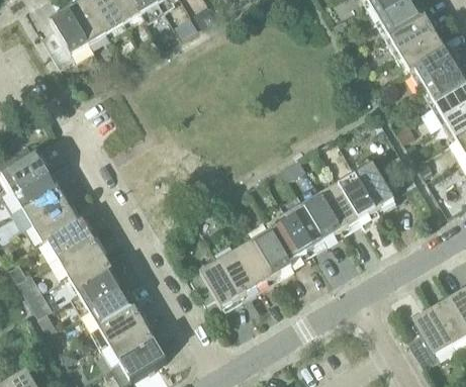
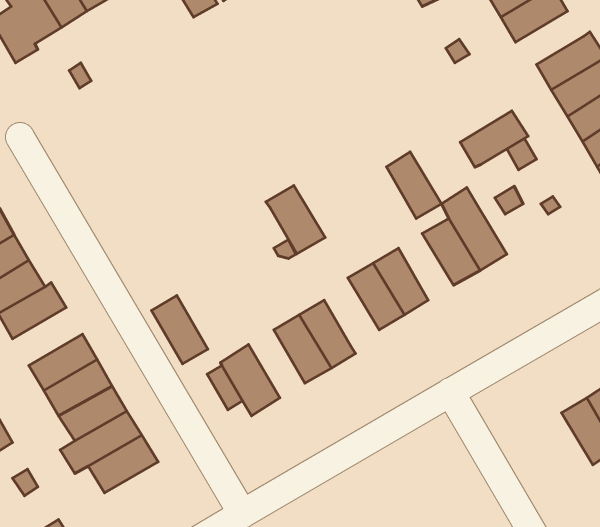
building: [400,32,447,71] -> [460,111,528,167]
building: [320,184,358,229] -> [387,152,441,219]
building: [267,214,307,261] -> [266,186,325,254]
building: [58,234,105,274] -> none
building: [218,250,257,296] -> [151,296,208,364]
building: [411,306,453,354] -> none
building: [120,340,168,380] -> none

